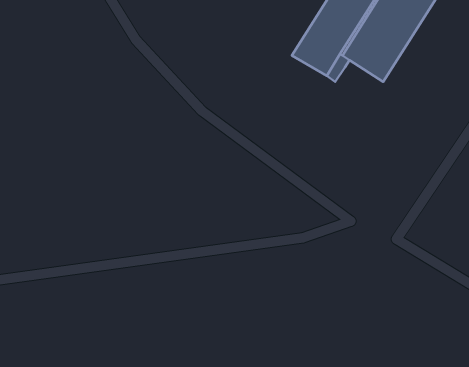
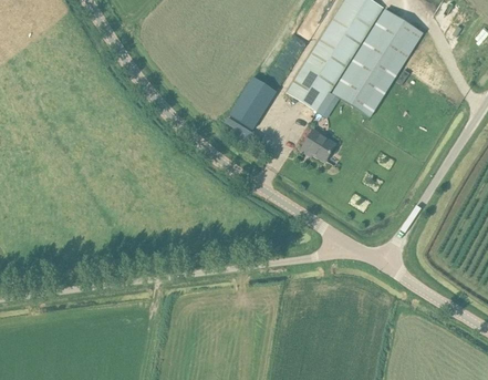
building: none -> [231,74,279,129]
building: none -> [301,127,336,162]

